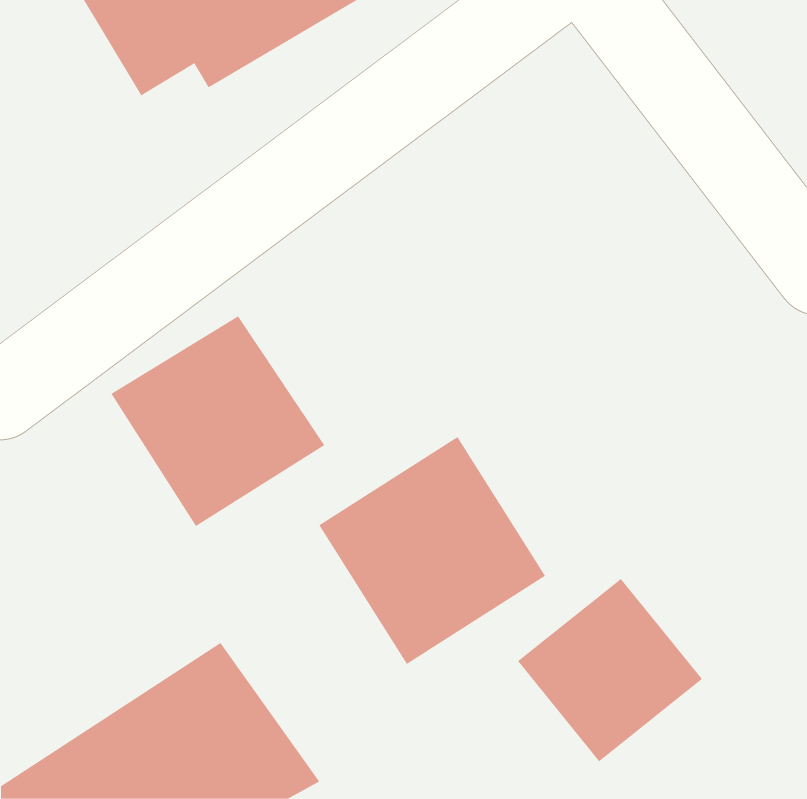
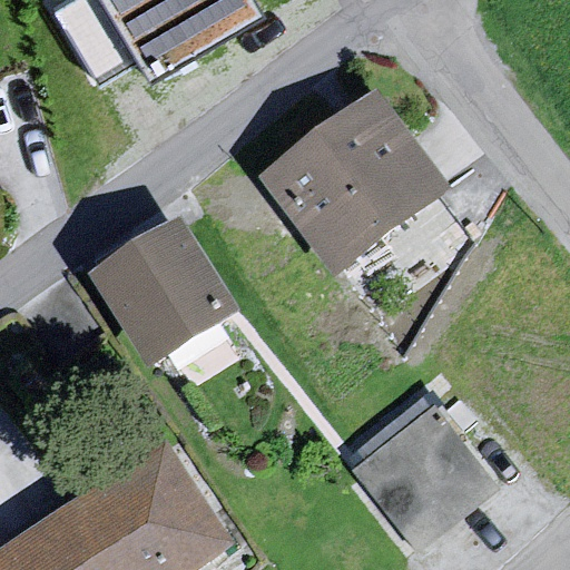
building: none -> [257,91,450,271]
building: [318,436,546,665] -> none

